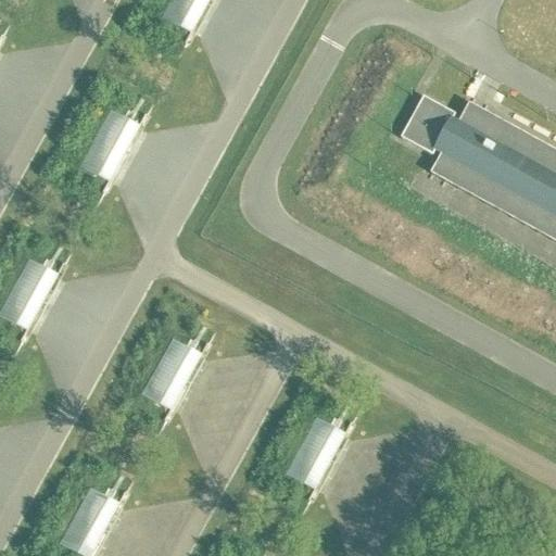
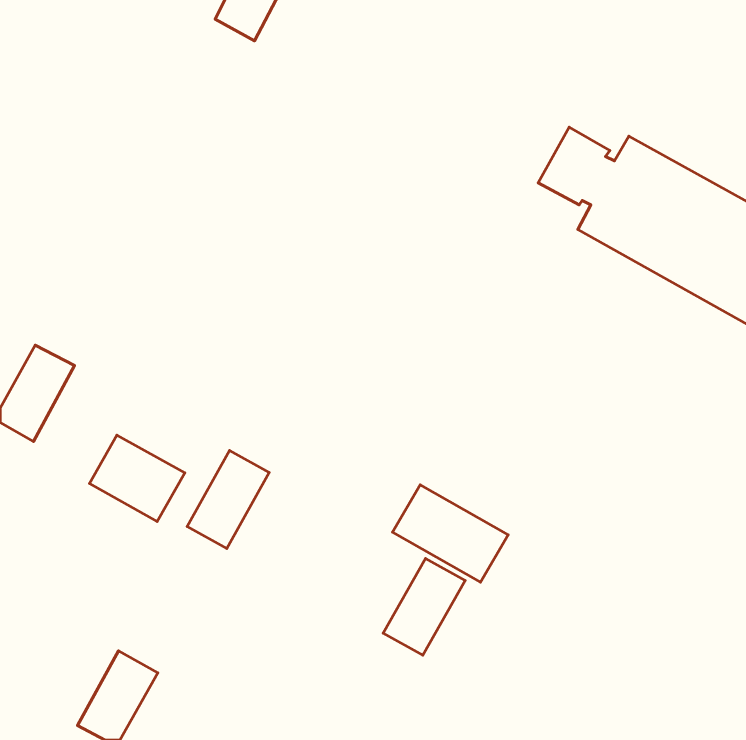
building: [78,106,139,179] -> none
building: none -> [89,435,185,521]
building: none -> [393,485,508,582]

